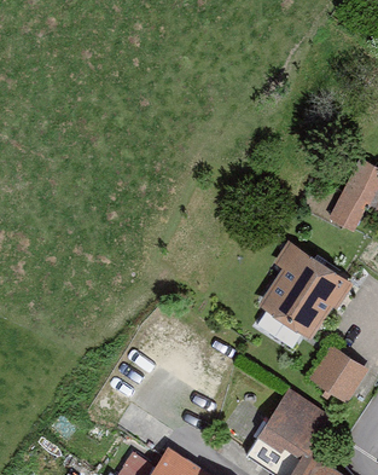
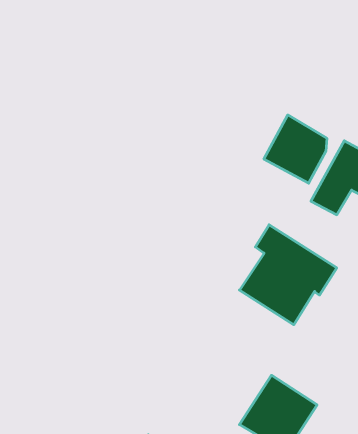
building: none -> [264,115,327,183]
building: [308,346,367,404] -> none

